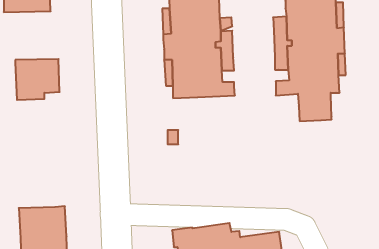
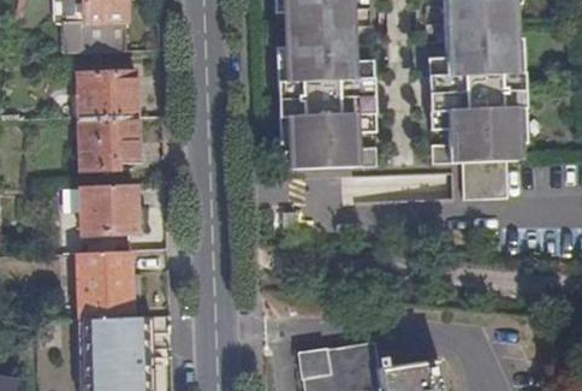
building: none -> [77,72,137,117]
building: none -> [82,183,137,233]
building: none -> [78,251,132,318]

